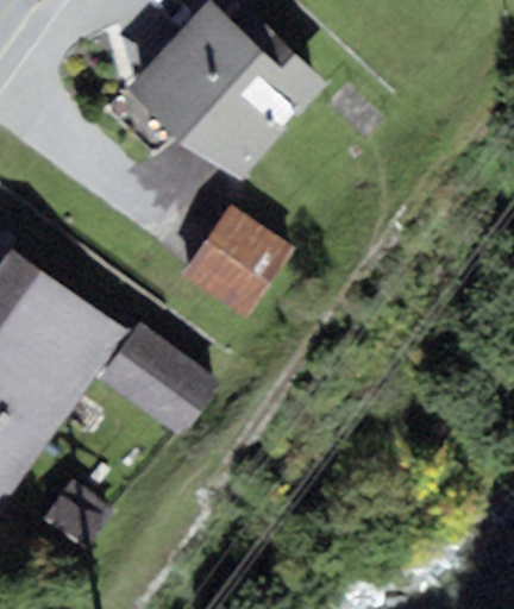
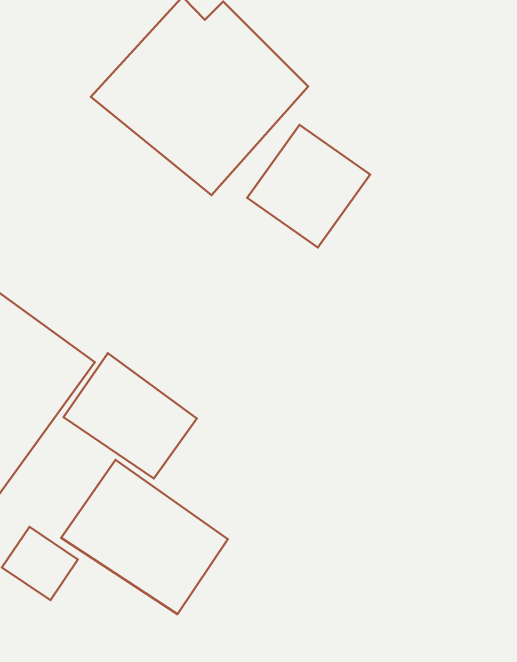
building: [181,206,293,318] -> [247,125,370,248]
building: none -> [61,460,228,614]

